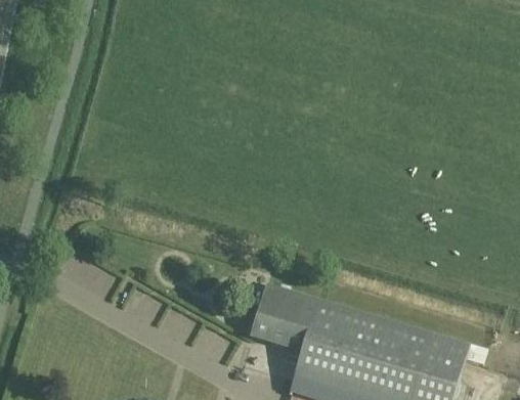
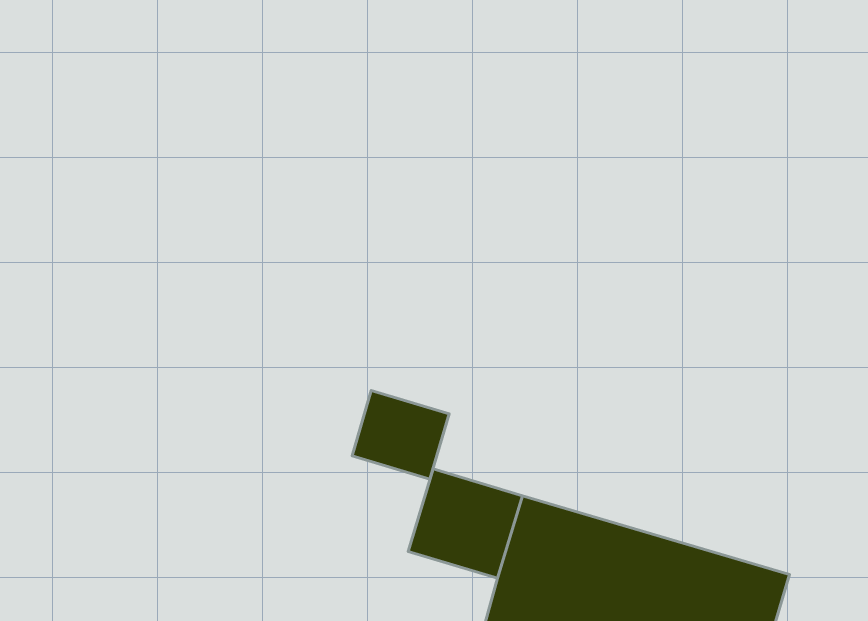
building: none -> [352,390,449,479]

